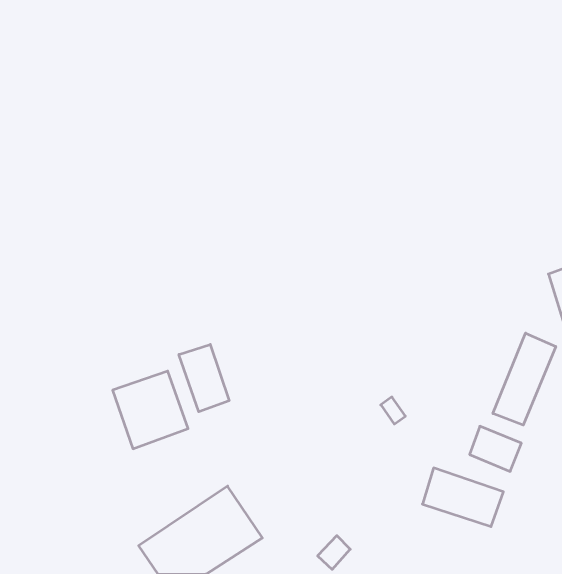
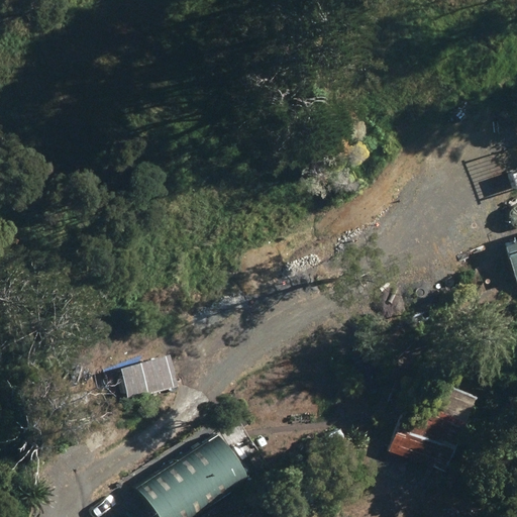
building: [493,333,556,425] -> none
building: [179,344,229,412] -> none

